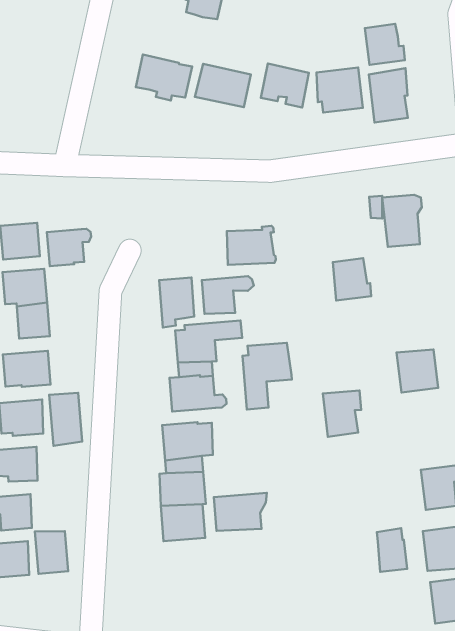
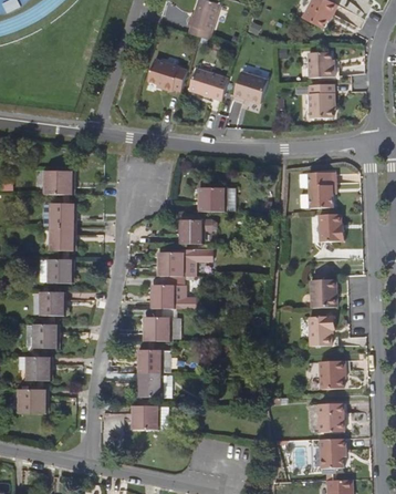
building: [316,68,363,112] -> none
building: [47,229,91,266] -> none
building: [333,258,371,301] -> [319,214,343,241]
building: [159,277,194,327] -> none
building: [242,343,292,409] -> none
building: [323,391,361,437] -> [309,317,334,347]
building: [49,393,82,446] -> none
building: [214,493,267,531] -> [134,405,170,430]
building: [377,528,407,572] -> none
building: [35,531,68,574] -> none

